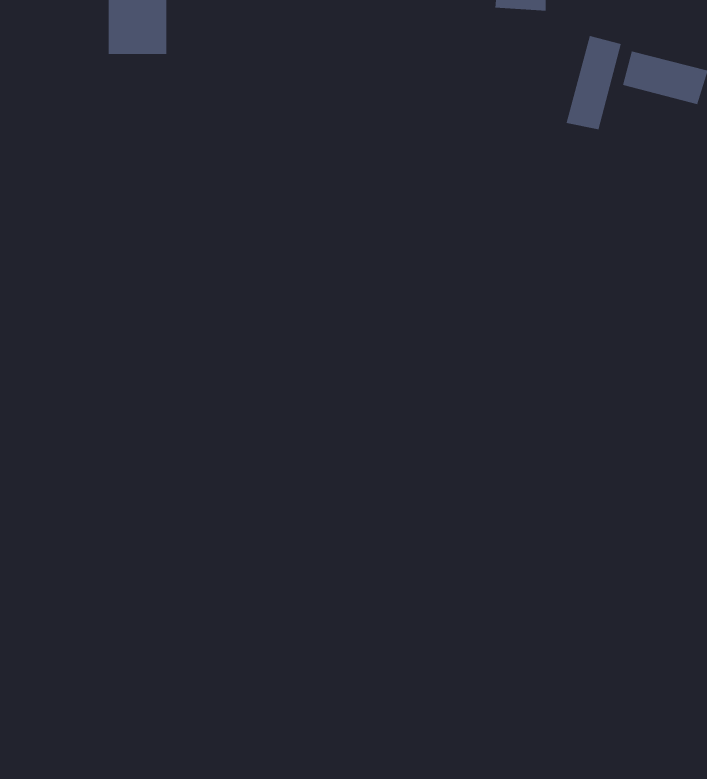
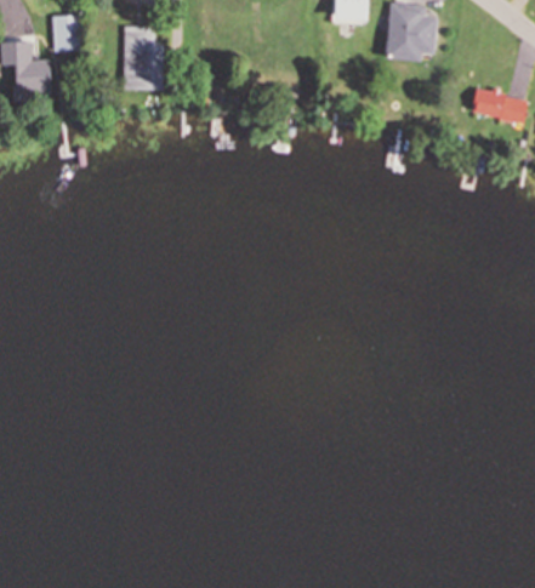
building: [566,35,622,130] -> none

